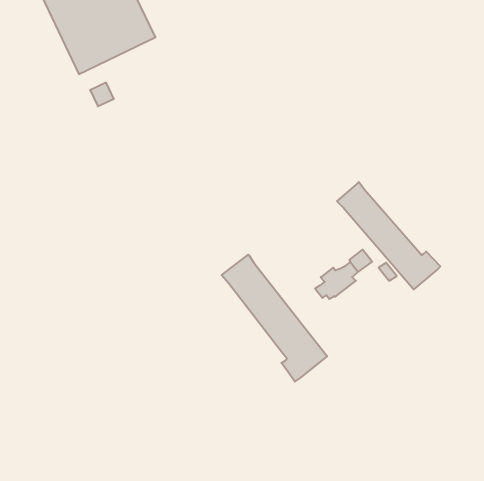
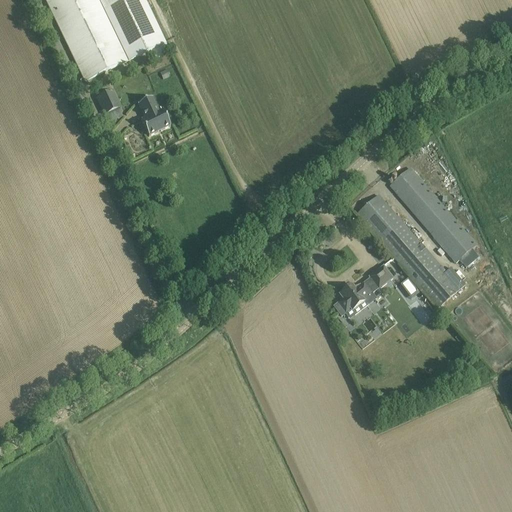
building: none -> [137,94,170,134]
building: none -> [389,166,477,265]
building: [222,255,327,382] -> none

